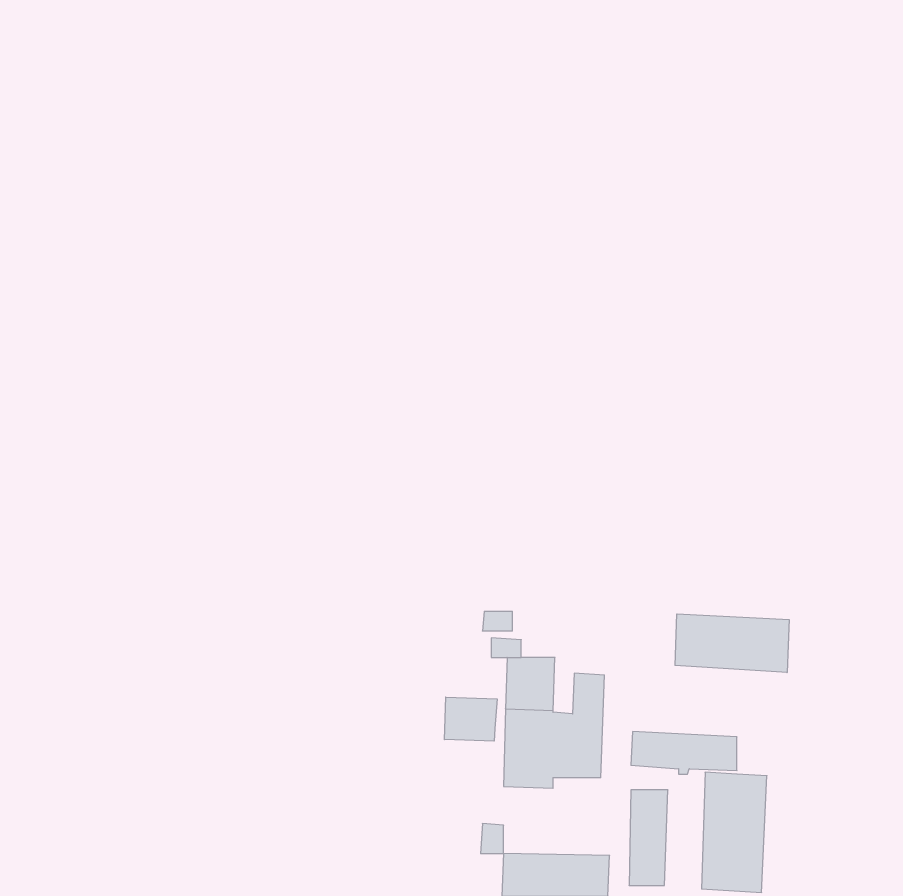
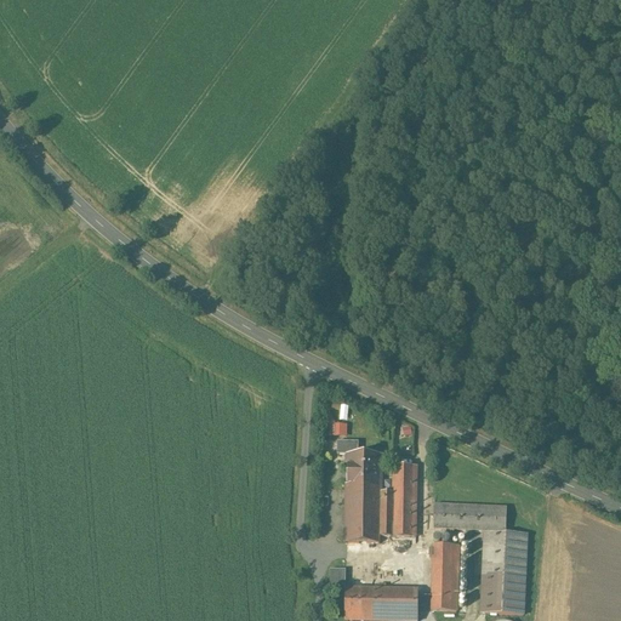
building: [675,614,789,673] -> none
building: [444,697,497,741] -> none

